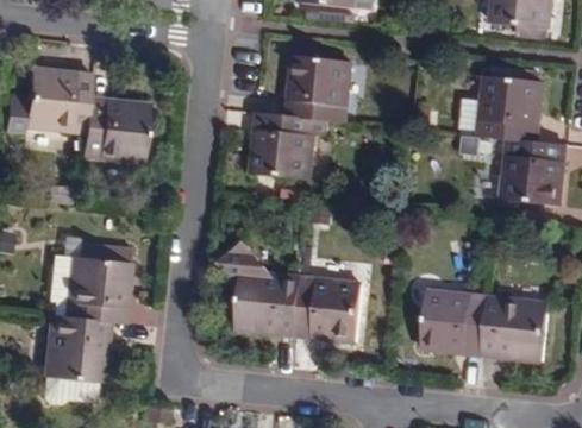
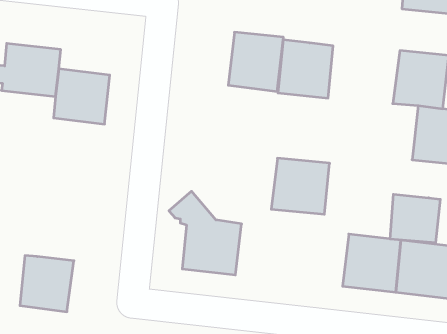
building: [250,112,314,180] -> [278,40,333,98]
building: none -> [390,194,440,243]
building: [64,252,130,321] -> none
building: [295,277,363,342] -> [271,158,330,214]

